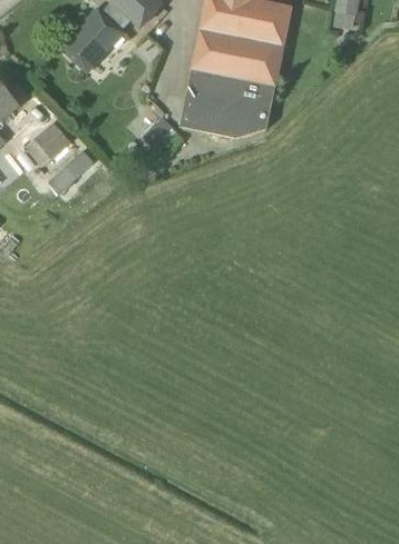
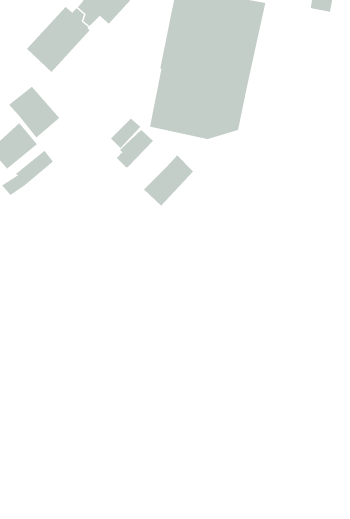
building: none -> [8,86,60,138]
building: none -> [143,154,194,207]

